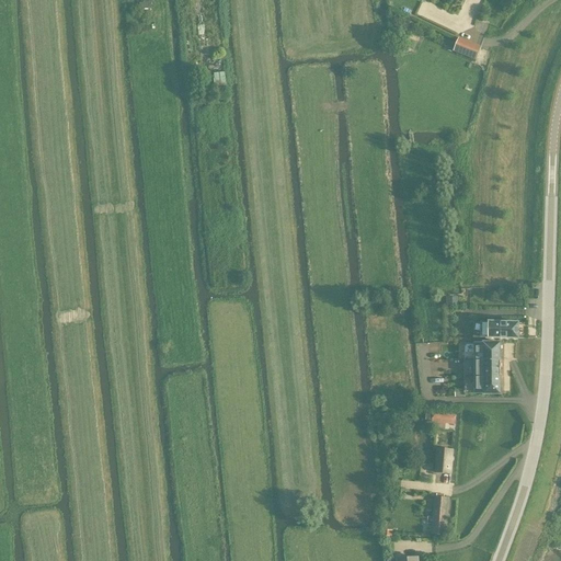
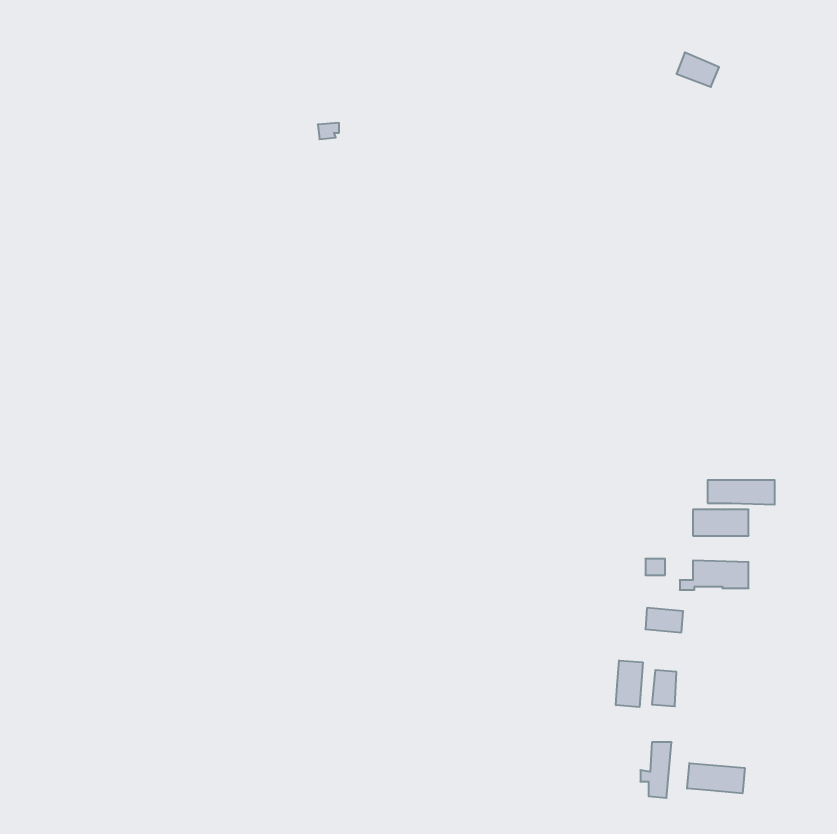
building: [463,358,501,376] -> none
building: none -> [616,660,643,707]
building: none -> [687,763,745,793]

